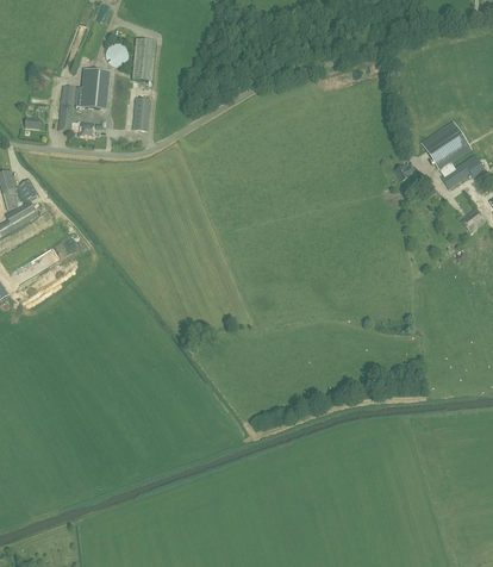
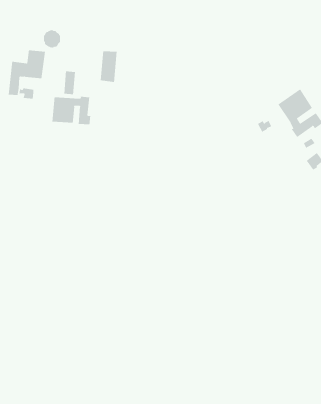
building: [132,38,156,81] -> [100,51,118,82]
building: none -> [52,96,91,125]

